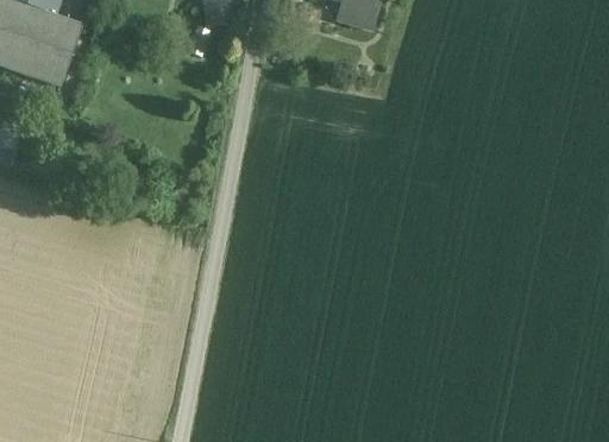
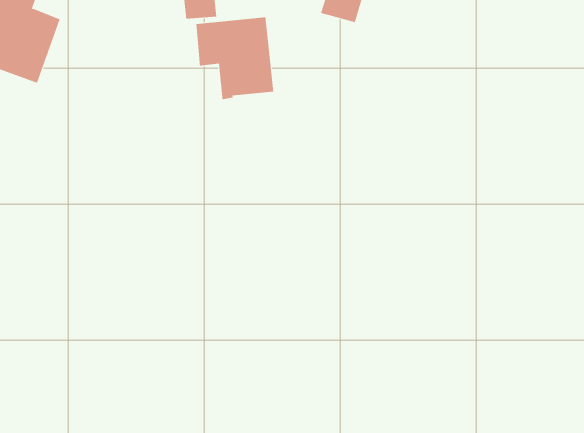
building: none -> [196,16,274,100]

